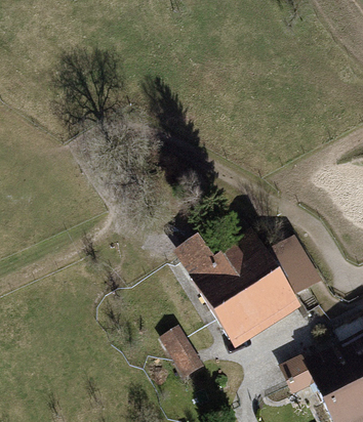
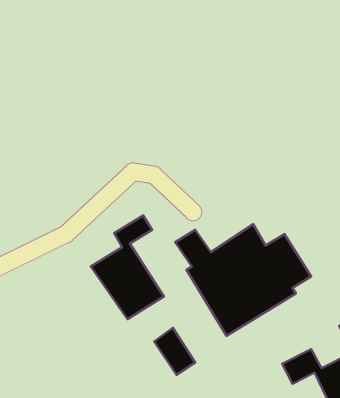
building: none -> [91,215,164,319]

